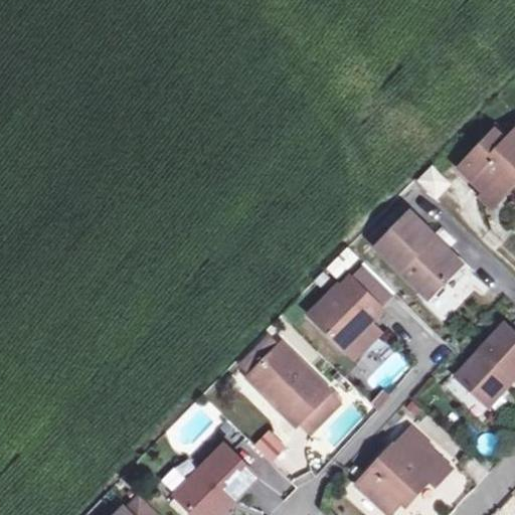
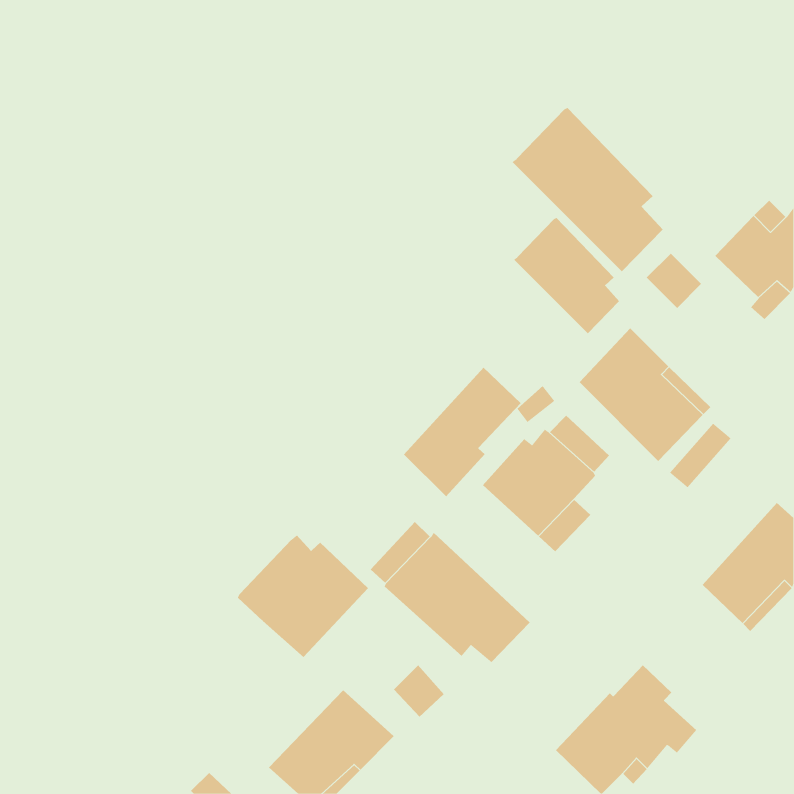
building: none -> [511,107,663,272]
building: none -> [513,217,620,334]
building: none -> [403,367,521,497]
building: none -> [237,535,369,658]

